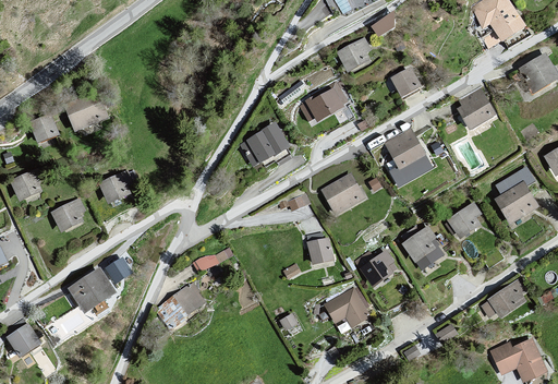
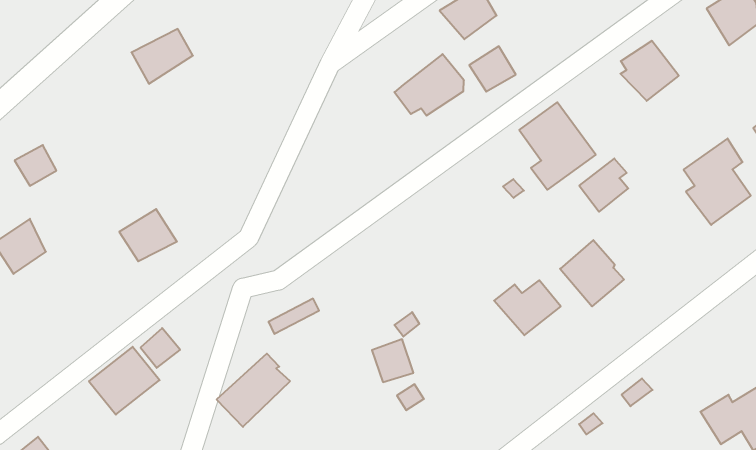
building: [393,69,425,99] -> [469,46,516,92]
building: [65,97,108,133] -> [131,29,193,84]
building: [241,125,294,170] -> none
building: [319,170,364,213] -> none
building: [51,200,86,235] -> none
building: [447,201,481,237] -> [579,158,628,212]
building: [306,235,333,263] -> [372,339,413,382]
building: [481,276,527,317] -> none
building: [323,286,369,326] -> none

